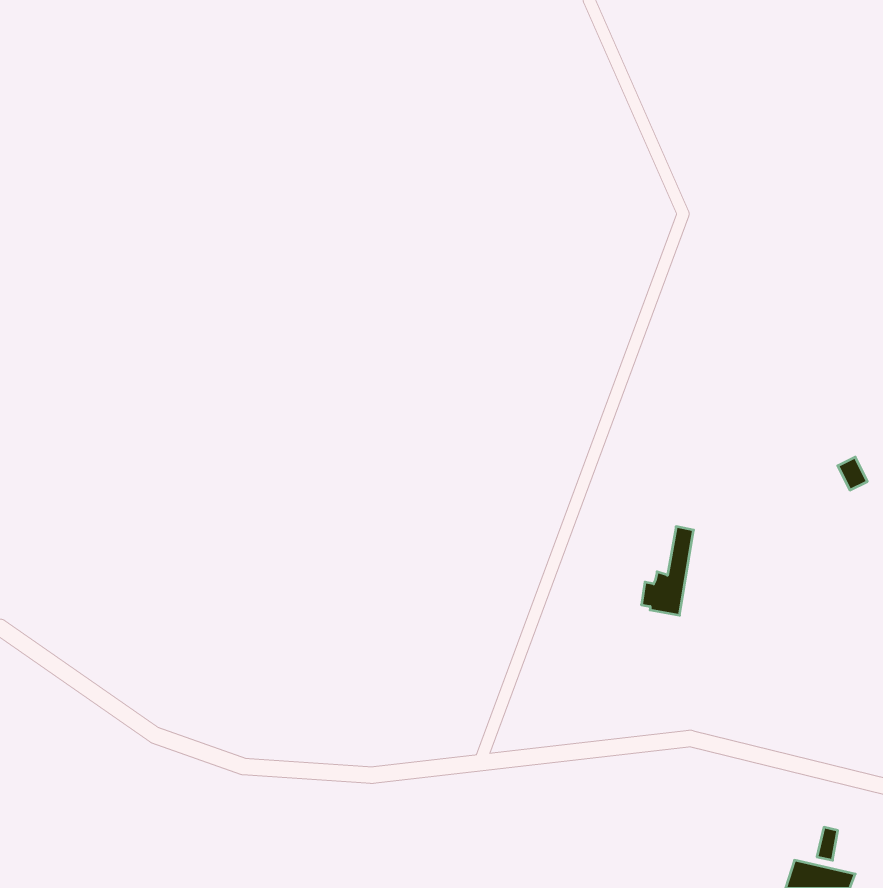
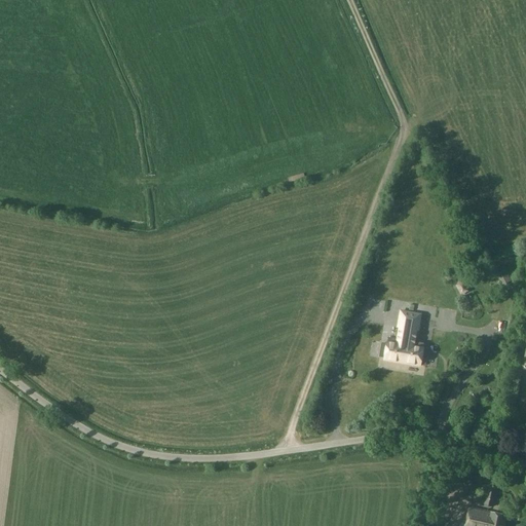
building: none -> [405,313,430,367]

